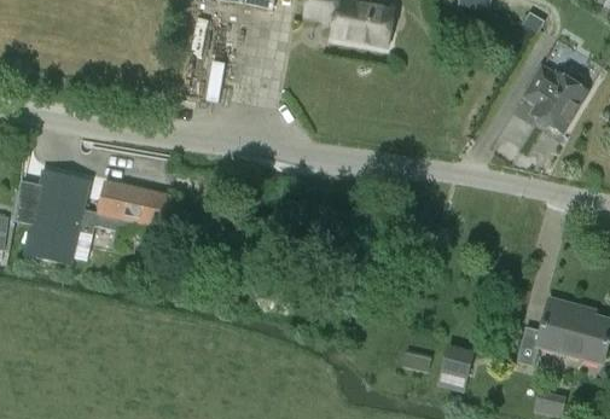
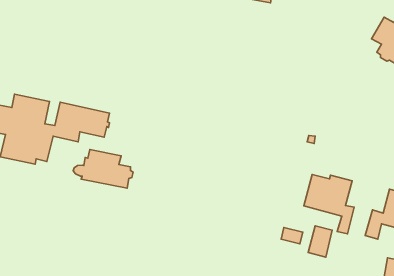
building: none -> [73,150,133,188]
building: none -> [304,175,354,234]

